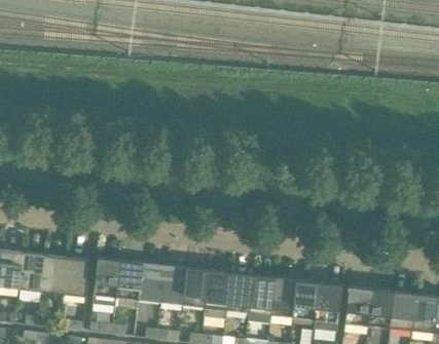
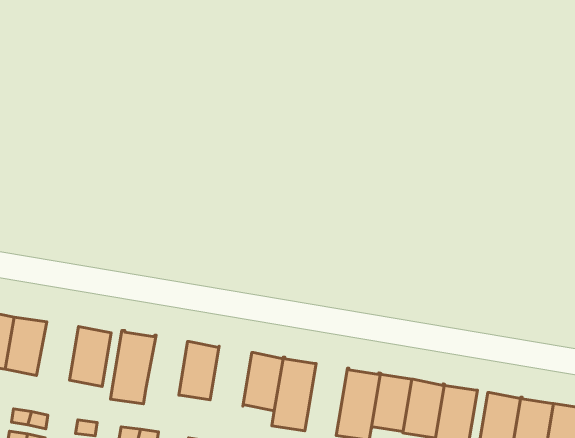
building: [41,255,68,294] -> none
building: [116,260,143,300] -> none
building: [160,265,187,305] -> none
building: [227,273,253,312] -> none

